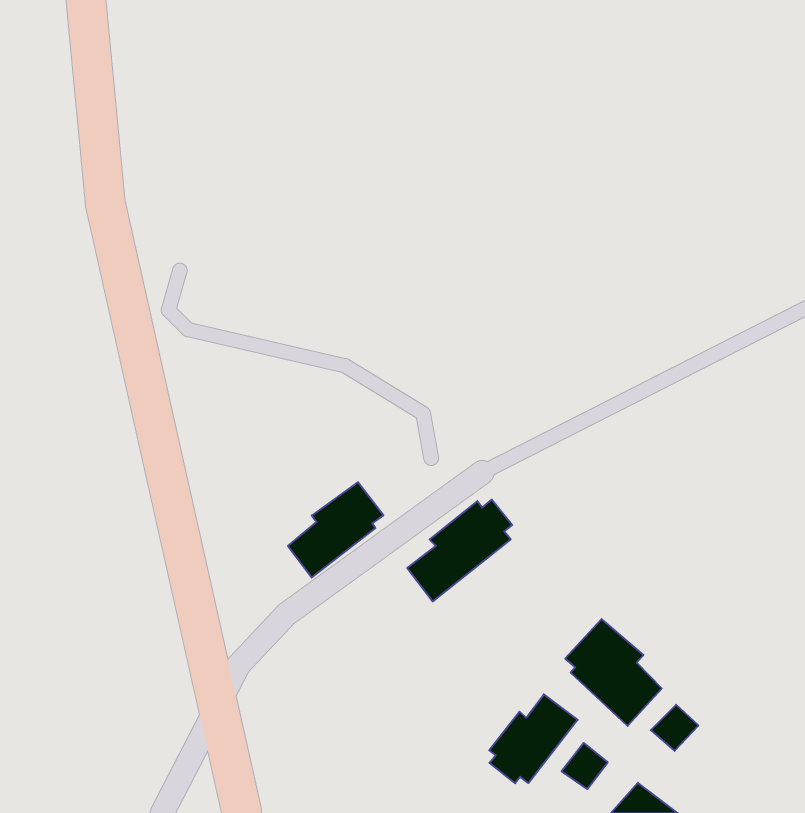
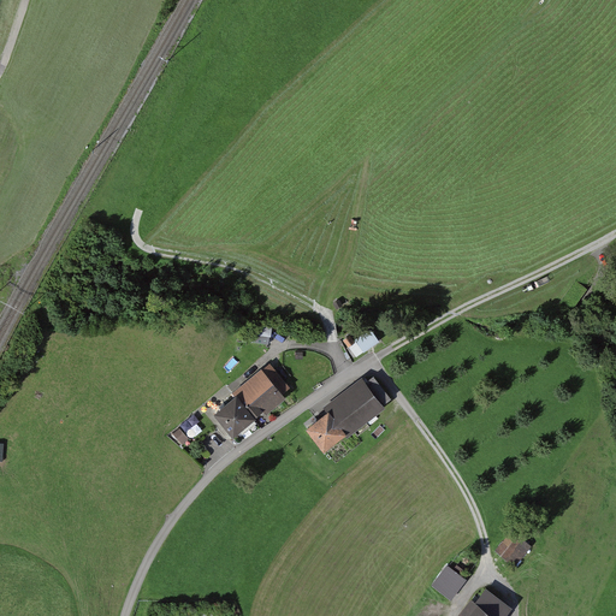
building: [565,619,662,726] -> none
building: [489,694,578,783] -> none

